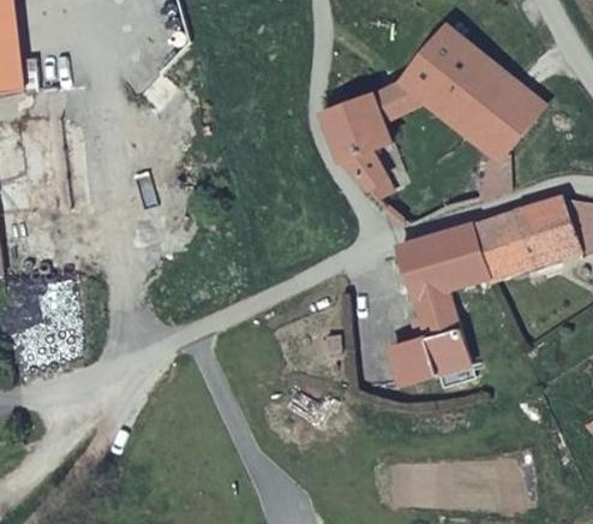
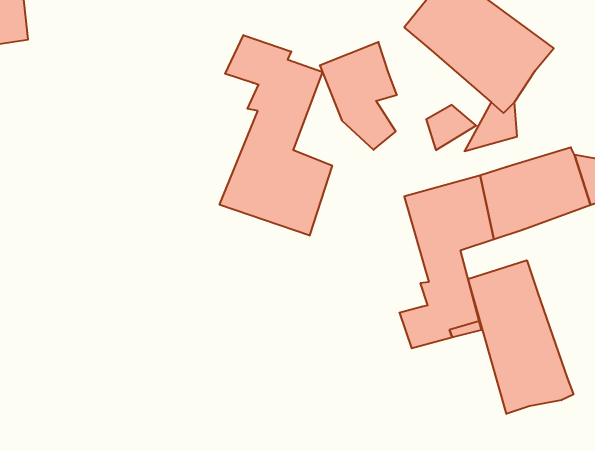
building: [372,77,421,121] -> [426,105,476,150]
building: none -> [220,35,332,236]
building: none -> [468,260,573,414]

